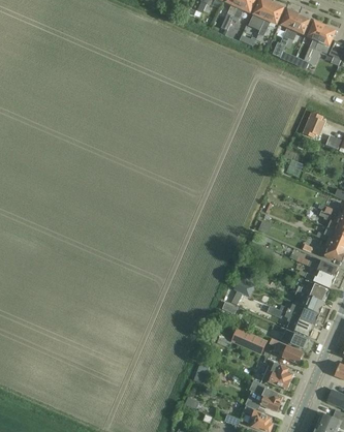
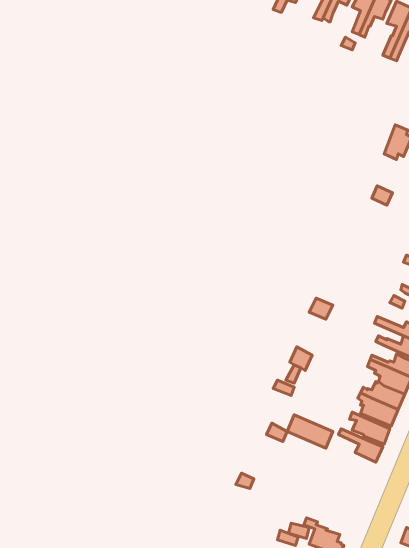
building: [264,356,292,389] -> none
building: [249,379,283,410] -> none

